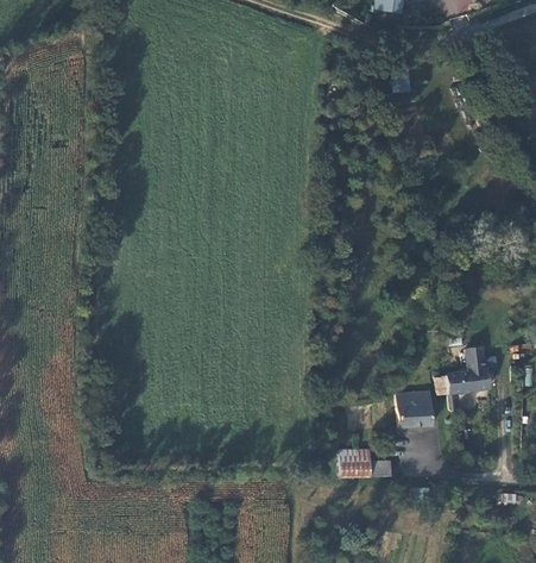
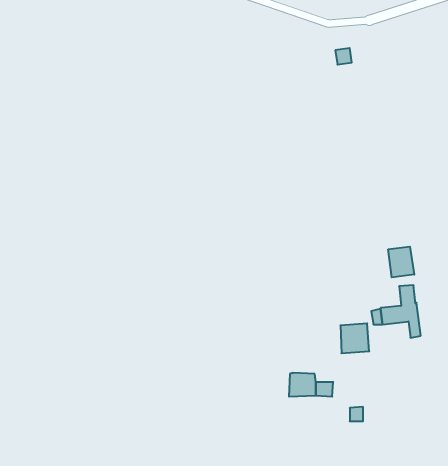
building: none -> [388,247,414,277]

